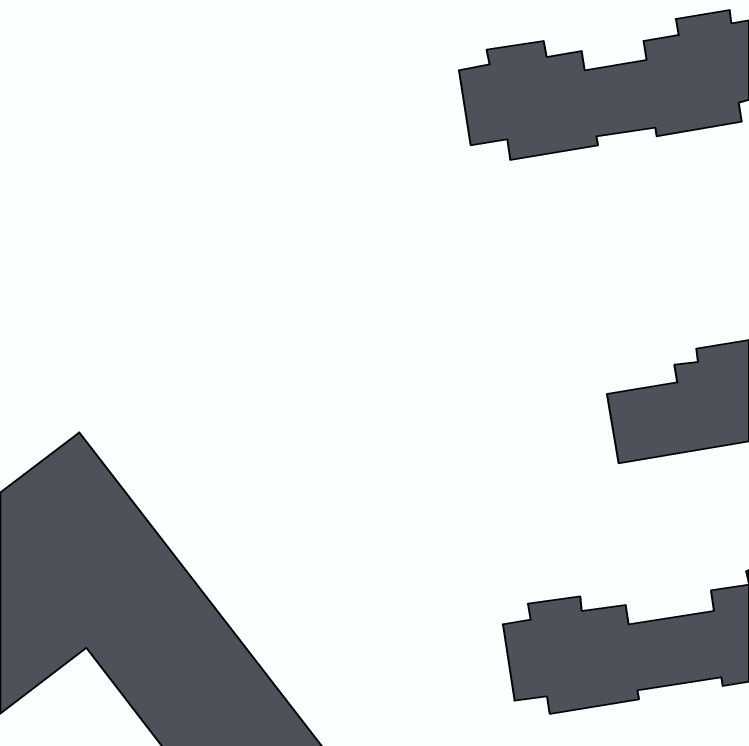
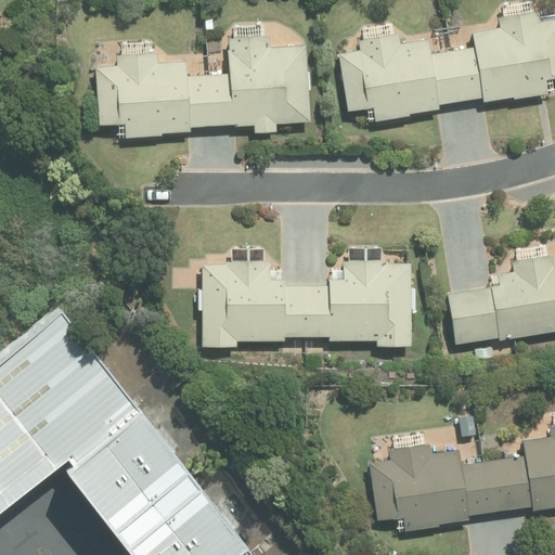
building: none -> [99,34,310,138]
building: none -> [204,260,412,347]

